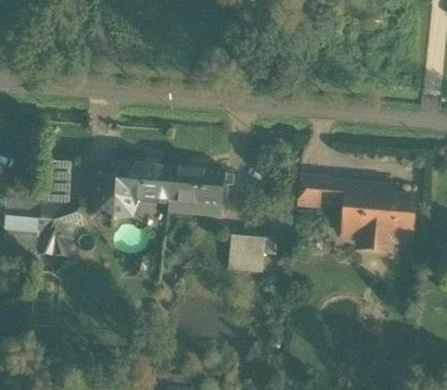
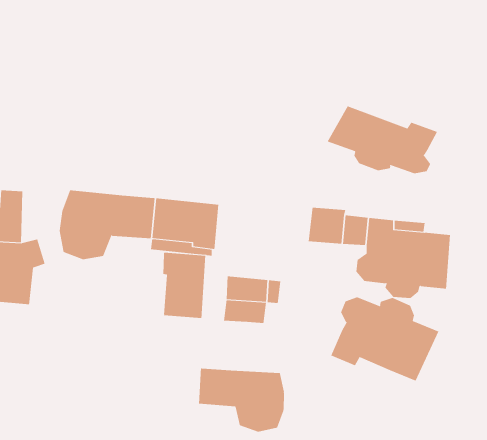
building: none -> [327,106,438,174]
building: none -> [163,252,206,319]
building: none -> [330,297,439,382]
building: none -> [198,367,284,432]

